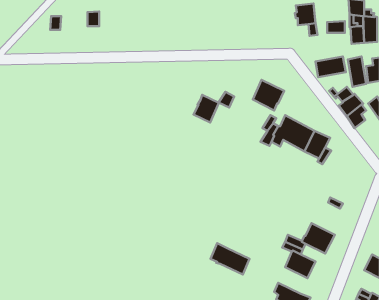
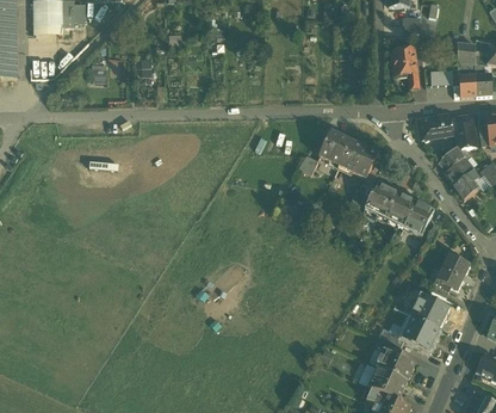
building: [194,95,219,122] -> [320,130,351,164]
building: none -> [436,253,470,289]
building: none -> [411,294,451,328]
building: [210,243,250,275] -> [359,362,407,400]

